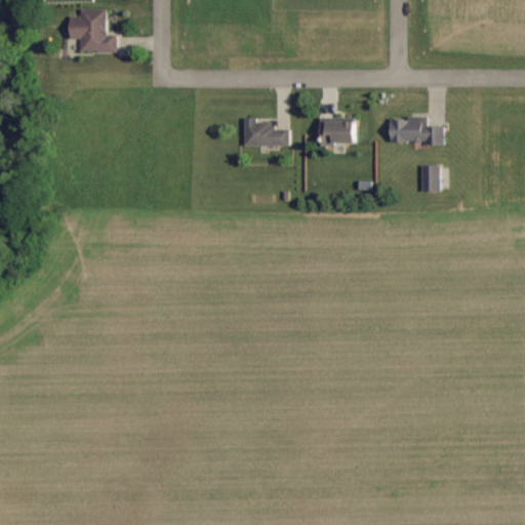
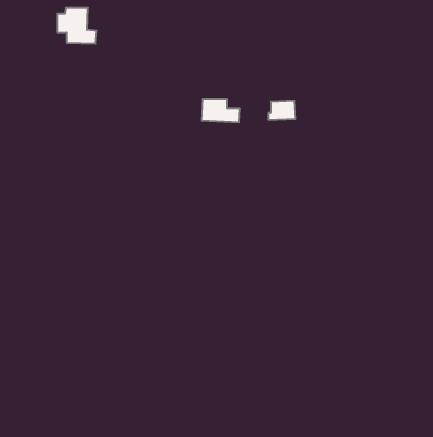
building: [389,120,442,143] -> none
building: [419,165,438,191] -> none

